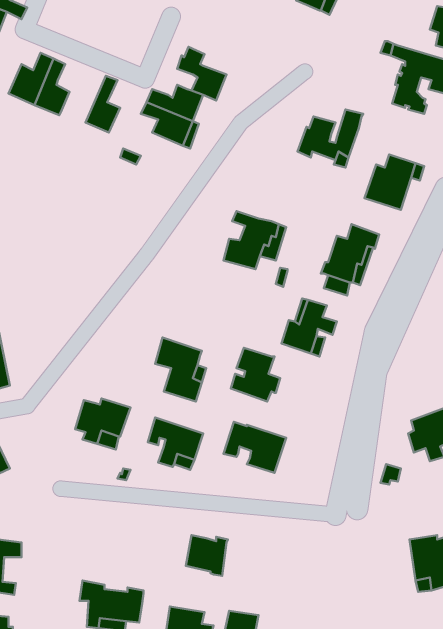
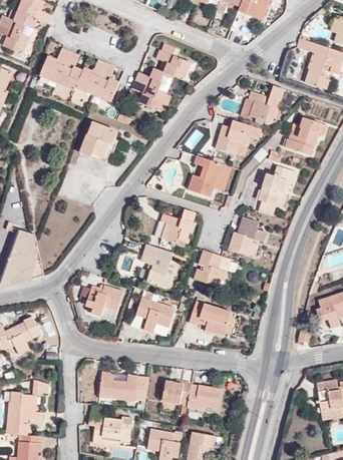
building: none -> [75,60,106,95]
building: none -> [215,120,260,157]
building: none -> [79,122,116,162]
building: none -> [159,209,196,244]
building: none -> [99,372,148,401]
building: none -> [187,384,221,411]

